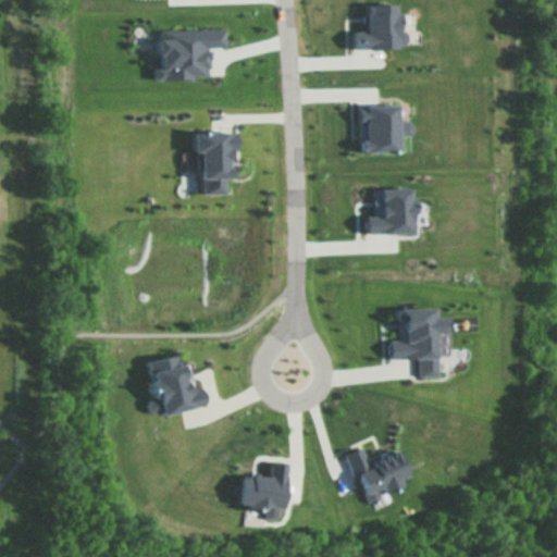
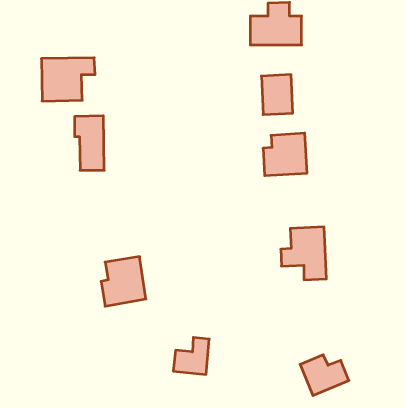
building: [157,26,230,85] -> [41,58,95,101]
building: [195,125,235,199] -> [75,116,104,170]
building: [344,441,410,496] -> [300,355,349,396]

